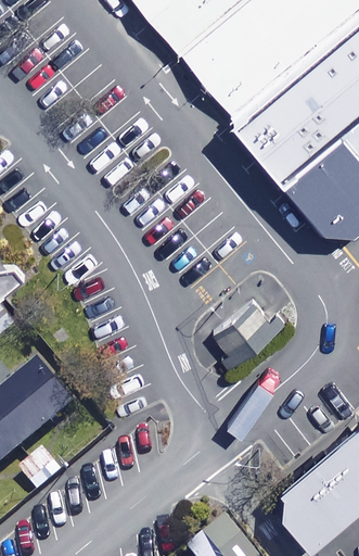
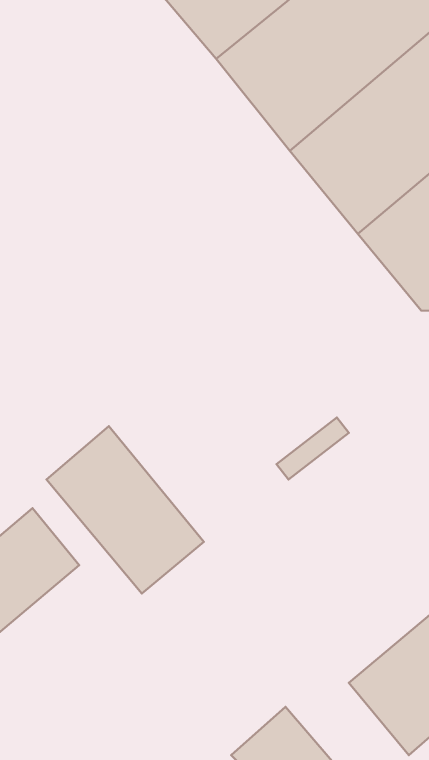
building: none -> [46,426,204,594]

